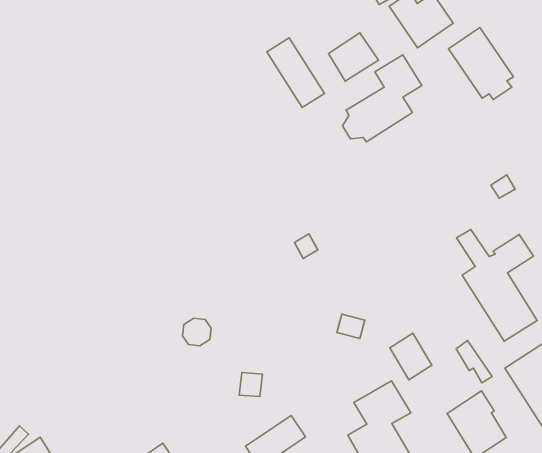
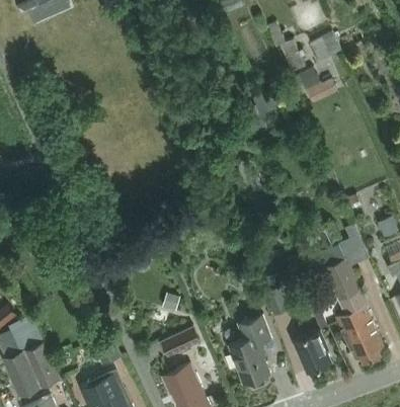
building: [448,27,514,99] -> none
building: [267,38,324,108] -> none
building: [342,55,422,142] -> none

